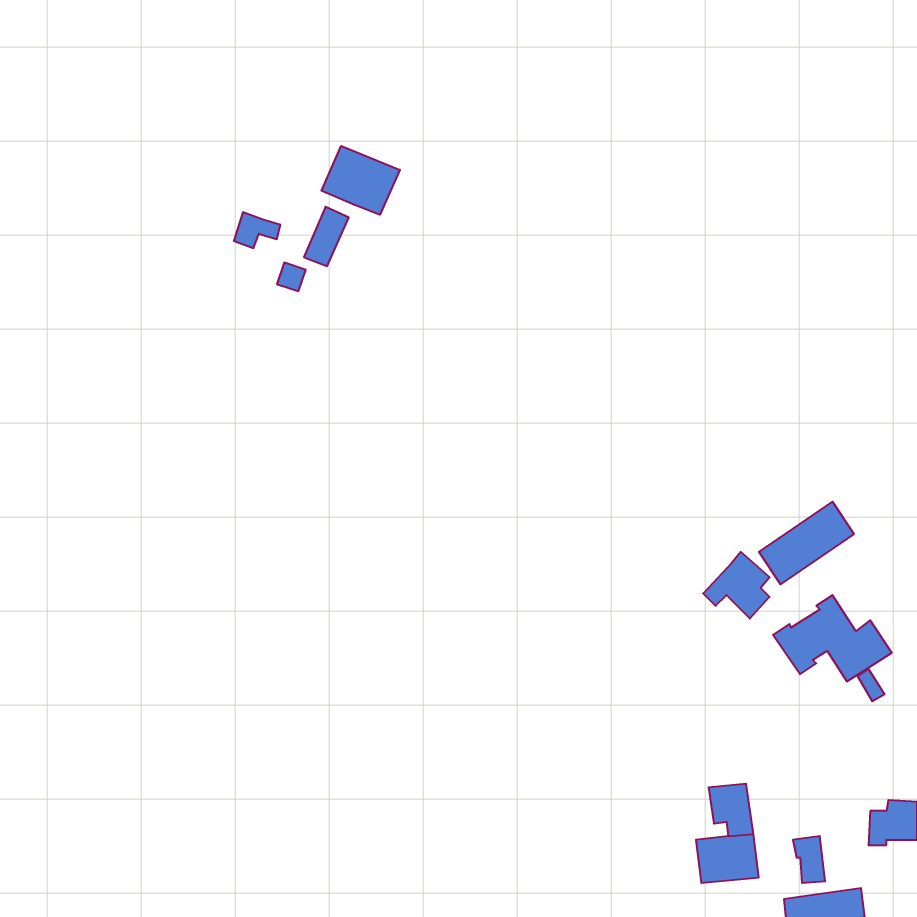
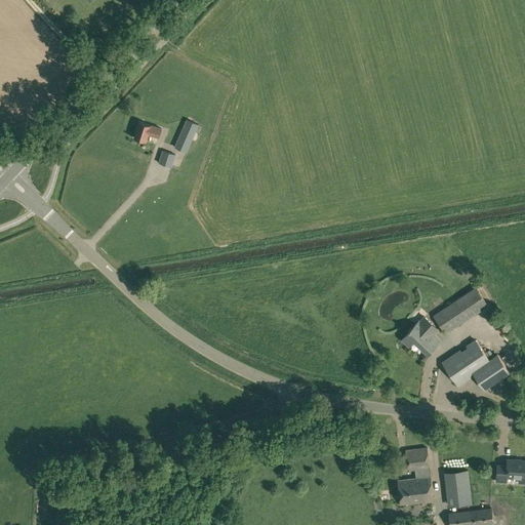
building: [321,146,400,215] -> none

